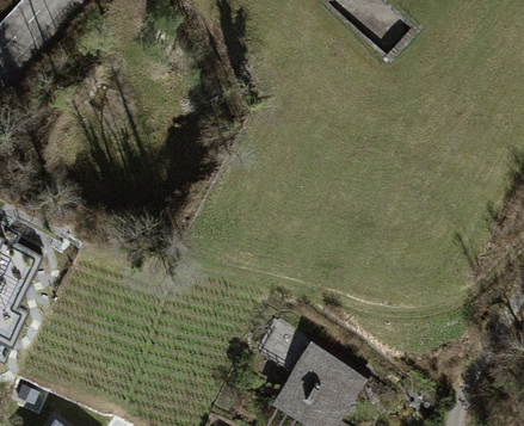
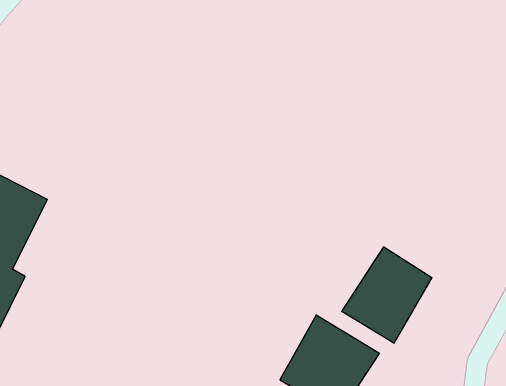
building: none -> [342,247,432,343]

